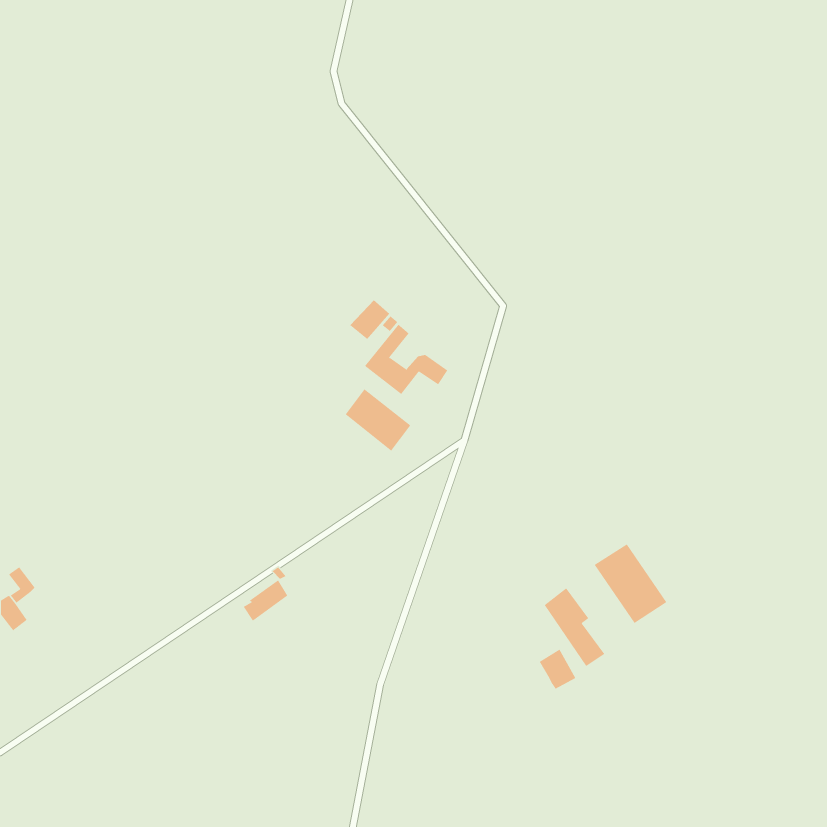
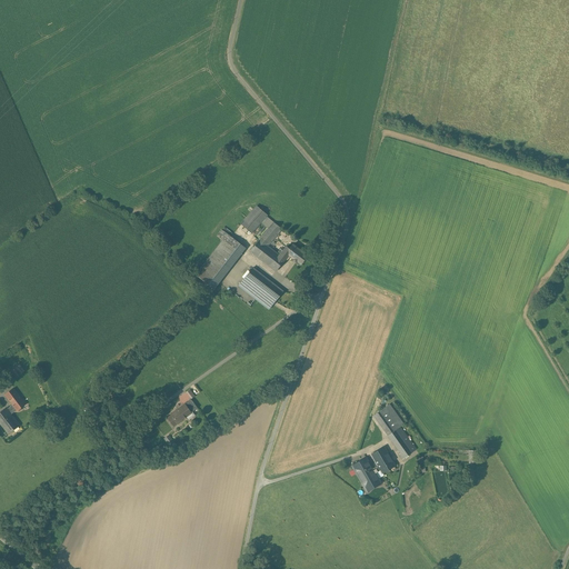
building: none -> [196,229,247,289]
building: [594,543,667,624] -> none
building: none -> [351,457,382,492]

